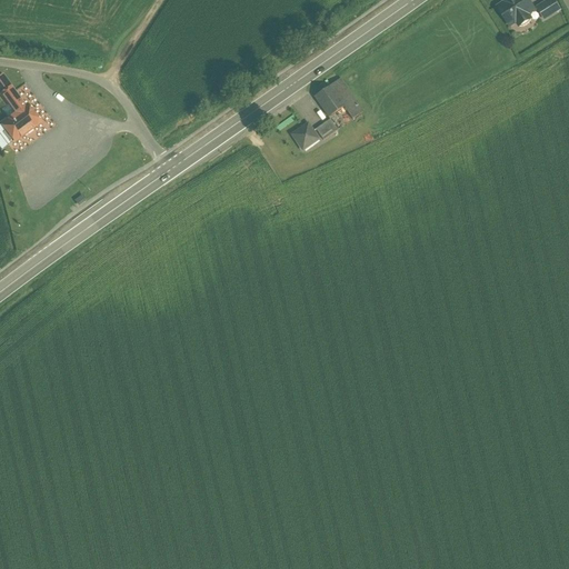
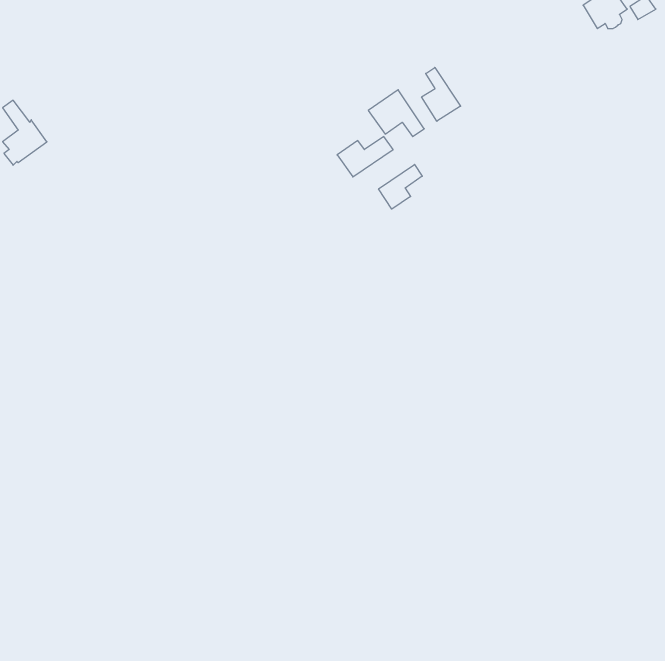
building: none -> [422,67,461,121]
building: none -> [379,164,422,209]

